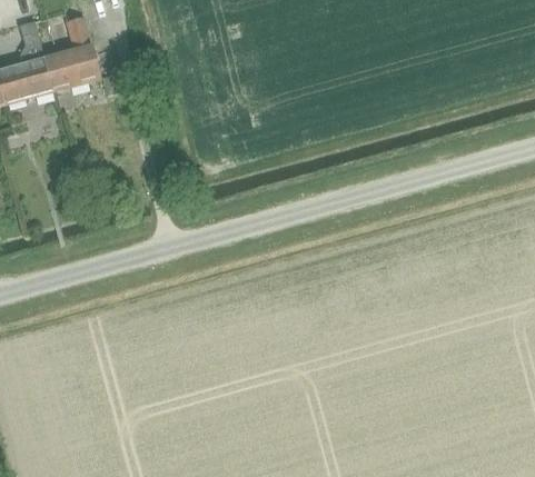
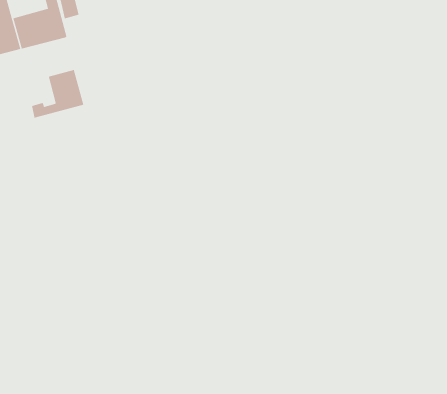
building: none -> [32,69,84,119]

